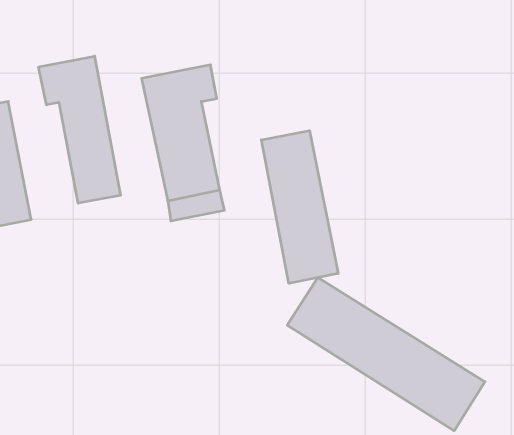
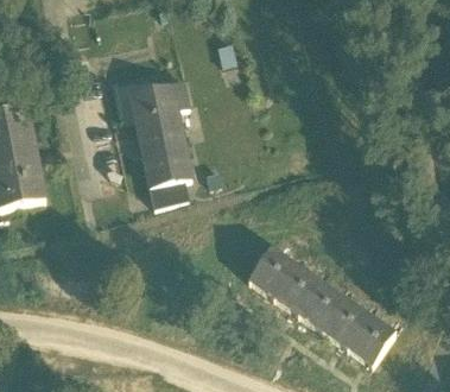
building: [39,56,121,203] -> none
building: [261,131,338,283] -> none

